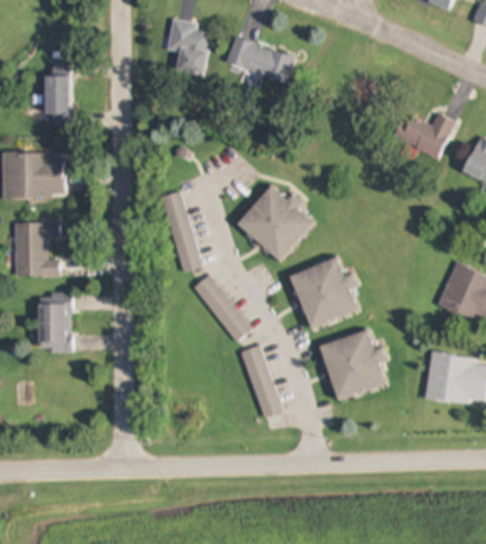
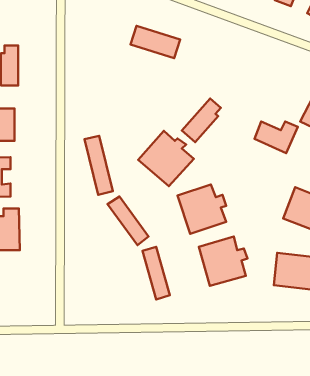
building: [166,19,210,76] -> none
building: [395,114,455,158] -> [254,122,298,153]
building: none -> [182,98,221,142]

